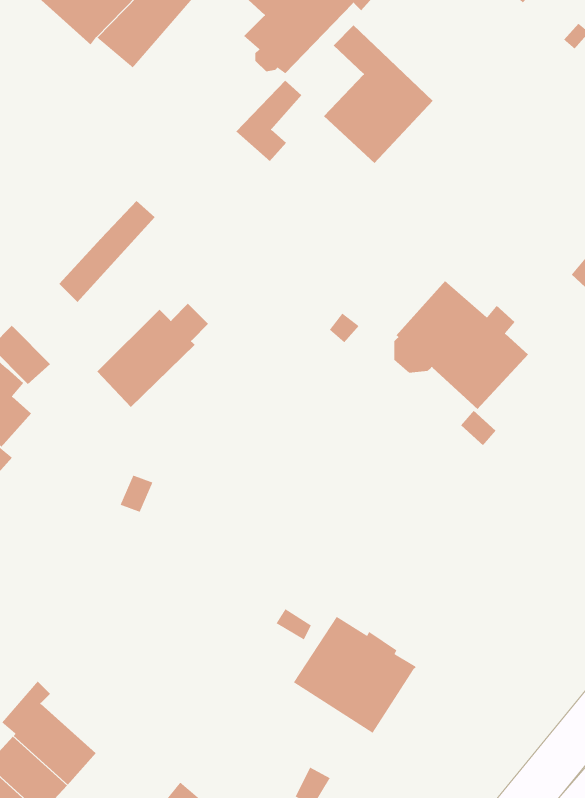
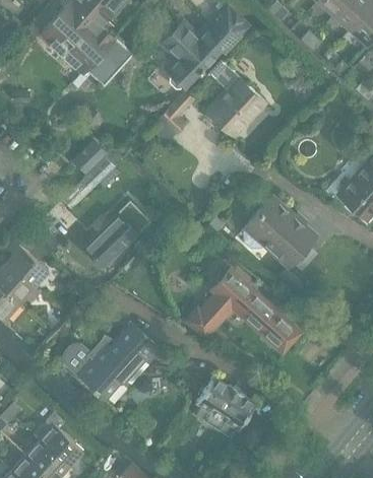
building: none -> [72,139,107,175]
building: none -> [185,271,300,351]
building: none -> [62,322,160,399]

